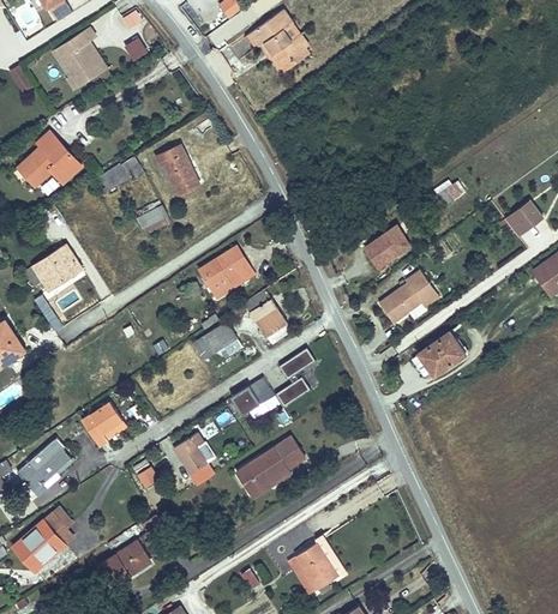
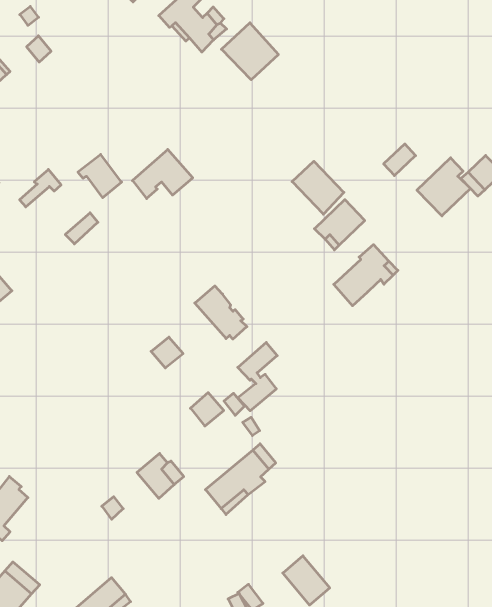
building: none -> [221,23,278,80]
building: none -> [292,161,344,214]
building: none -> [417,158,470,216]
building: [198,246,253,288] -> [132,149,193,199]
building: [418,333,466,378] -> none
building: [82,402,122,438] -> none

